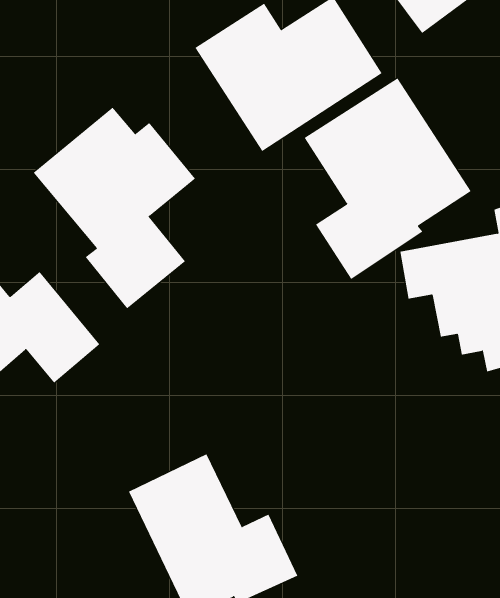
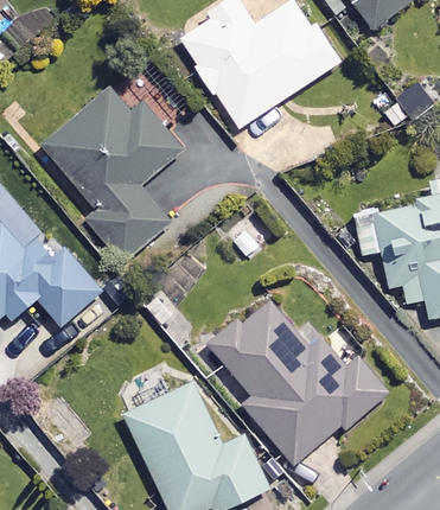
building: [304,77,471,280] -> none
building: none -> [209,298,384,461]

